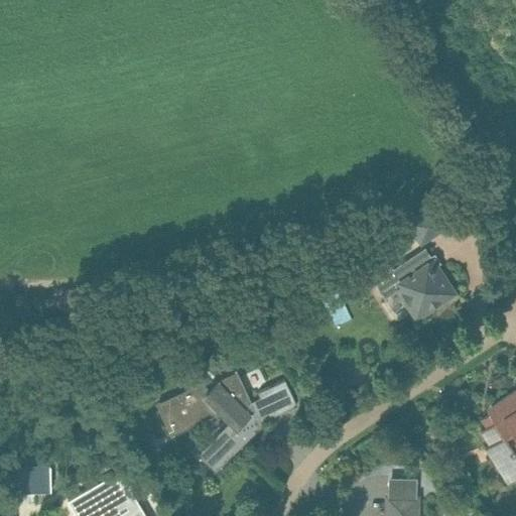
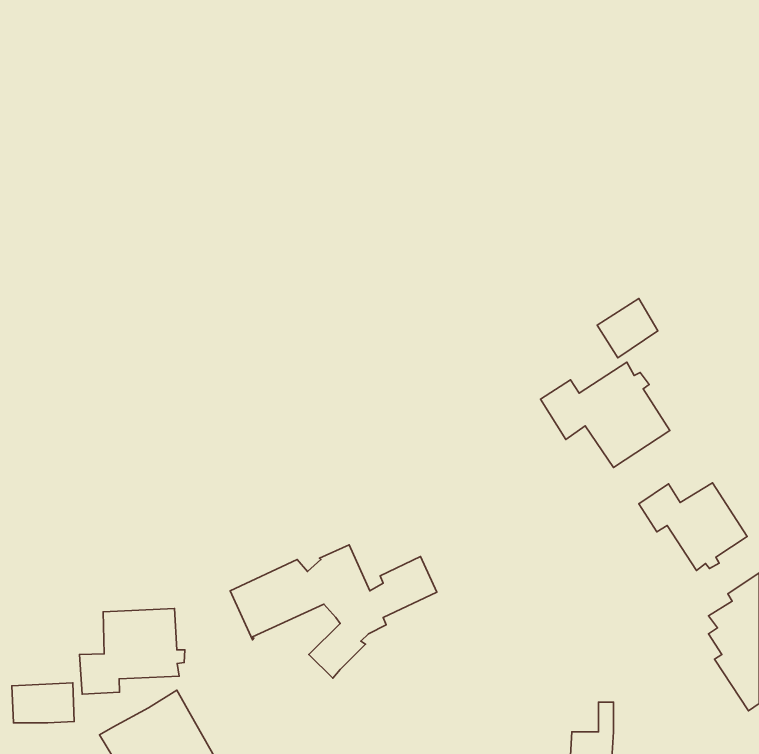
building: none -> [639,483,747,571]
building: none -> [79,609,185,694]

